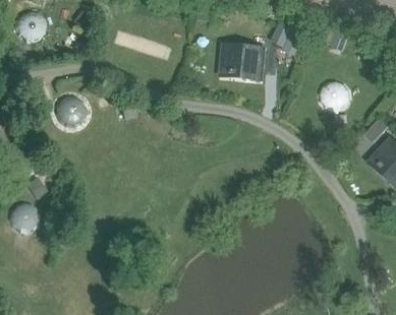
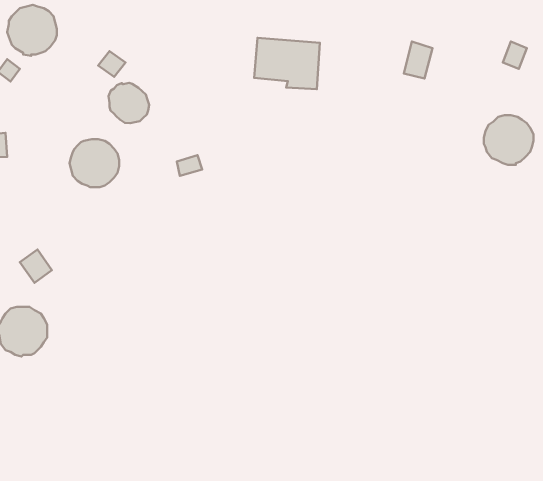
building: [221,45,263,77] -> [254,38,320,89]
building: none -> [109,83,149,123]

